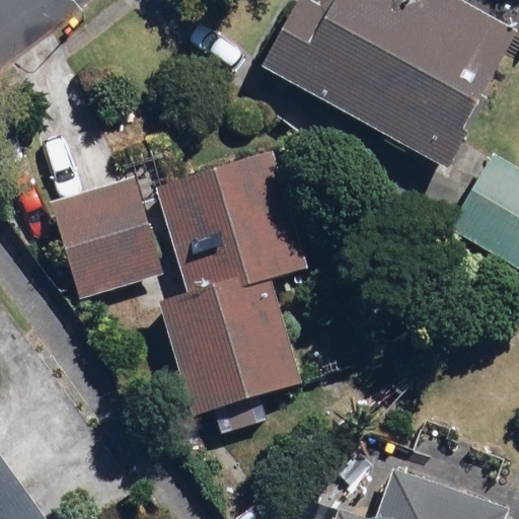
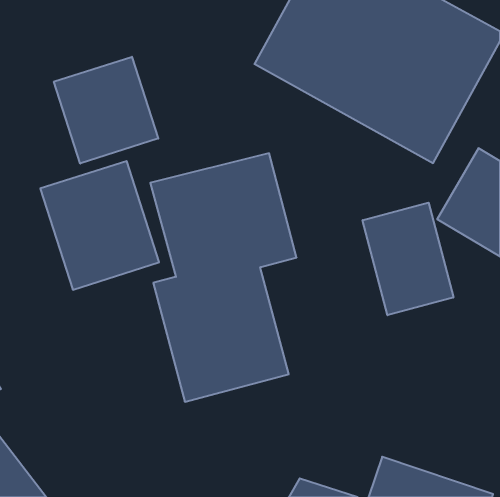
building: none -> [54,57,158,164]
building: none -> [363,203,453,315]

